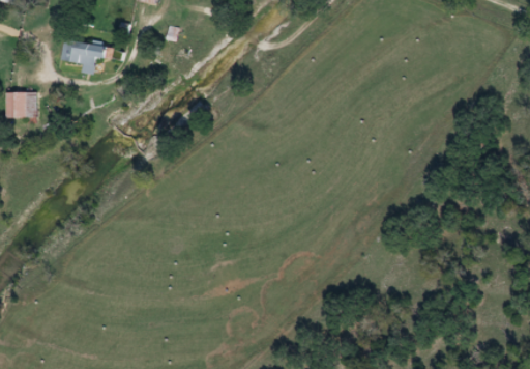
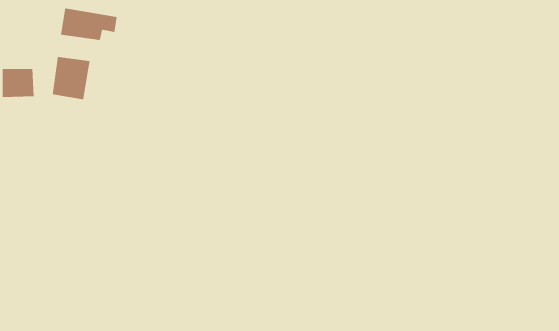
building: none -> [52,56,90,100]

